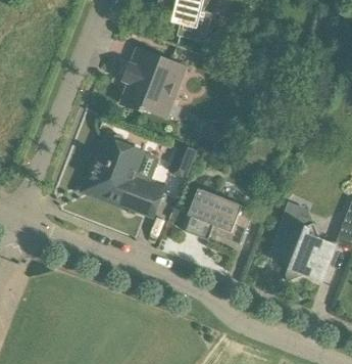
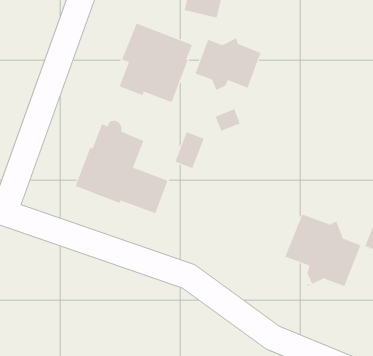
building: none -> [195,38,261,95]
building: [186,188,253,245] -> none

